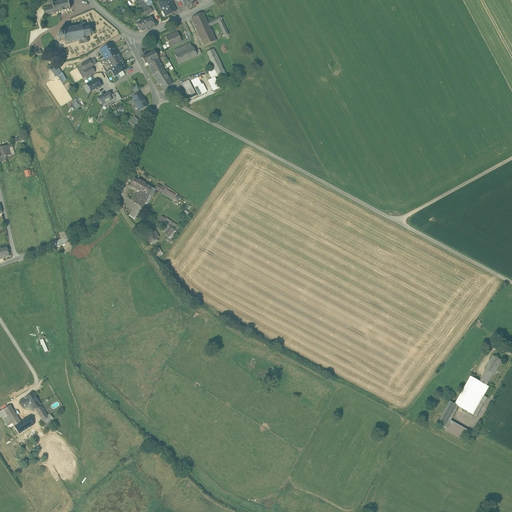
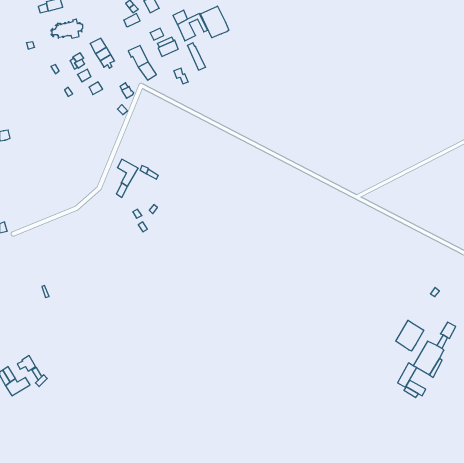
building: none -> [200,6,229,38]
building: none -> [396,320,424,351]

